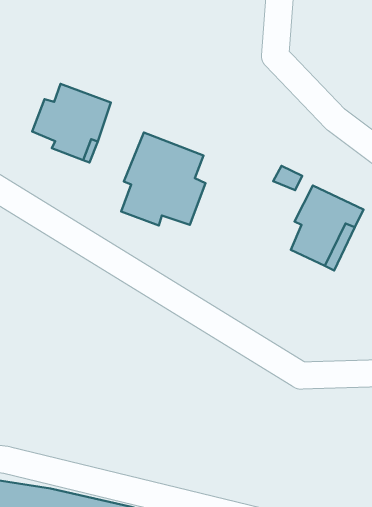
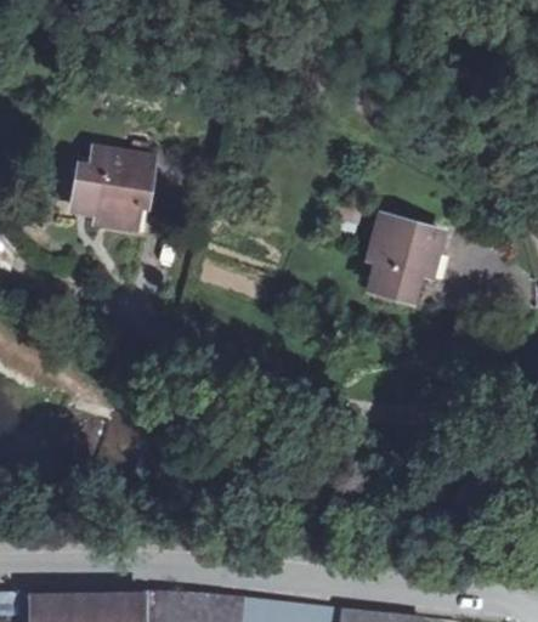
building: [121,133,205,225] -> none

